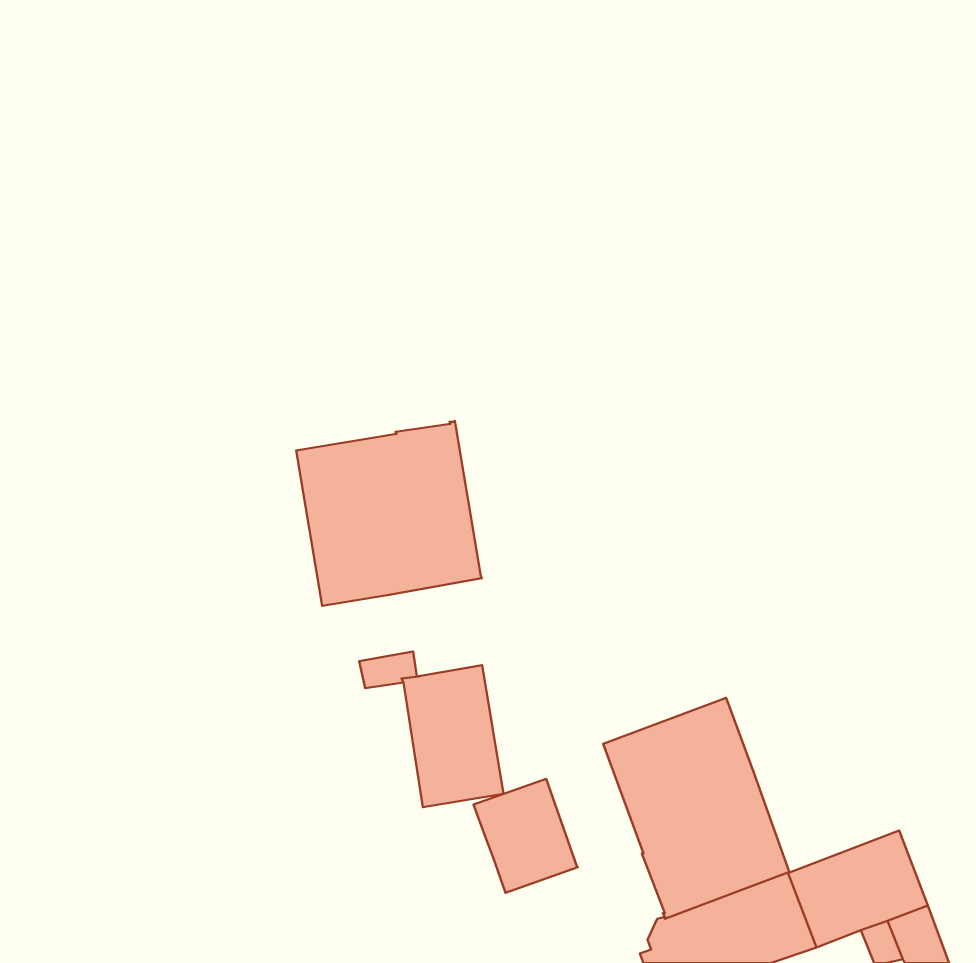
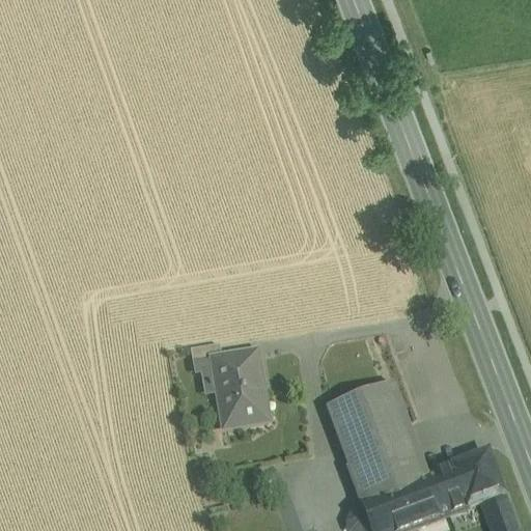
building: [296,421,482,606] -> none
building: [474,779,578,893] -> none

